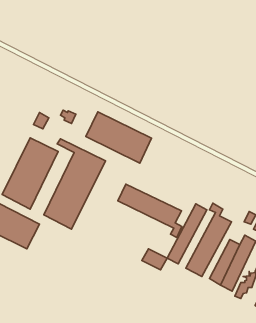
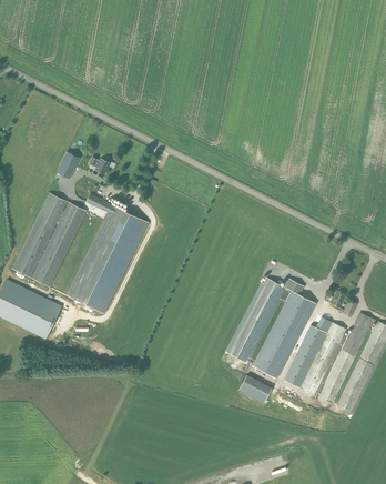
building: [86,112,151,163] -> none
building: [118,184,182,237] -> none
building: [142,249,167,270] -> [238,375,272,403]

